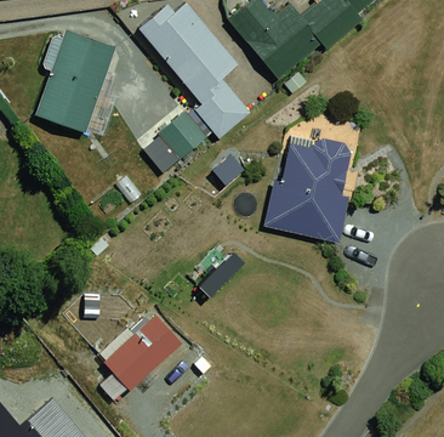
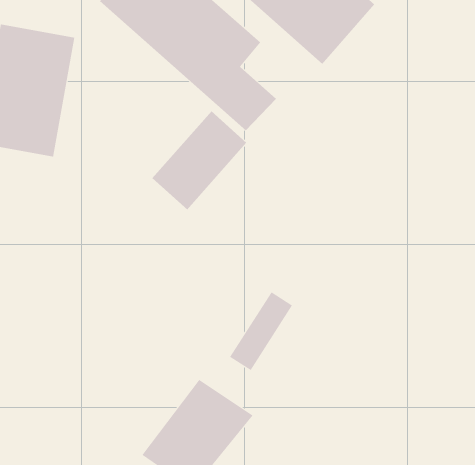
building: [262,127,355,244] -> none

